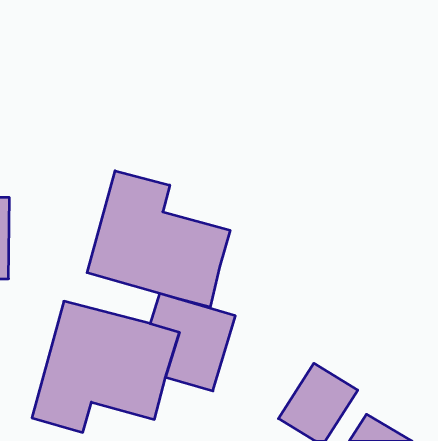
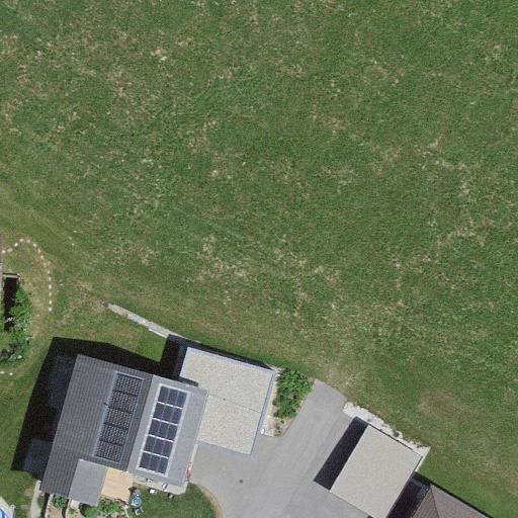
building: [87,171,230,307] -> none

